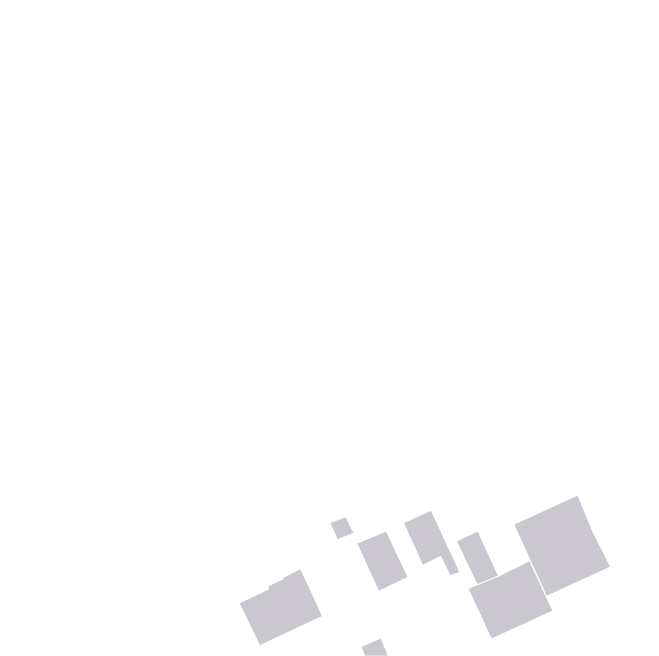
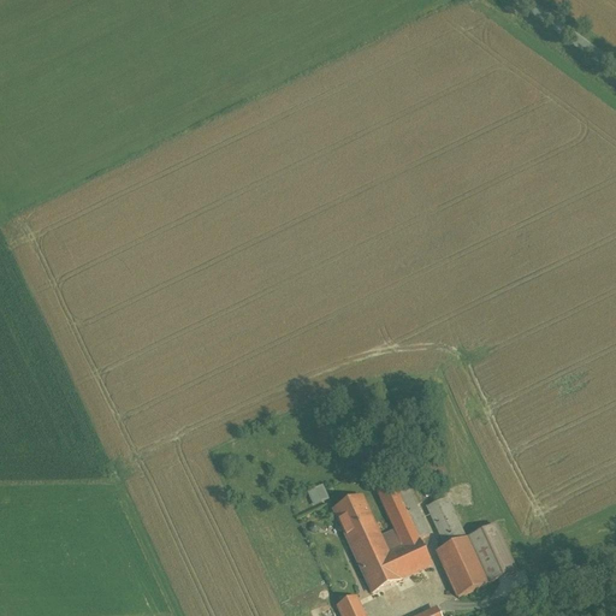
building: [513,495,611,597] -> none
building: [239,568,323,646] -> [353,519,431,591]

